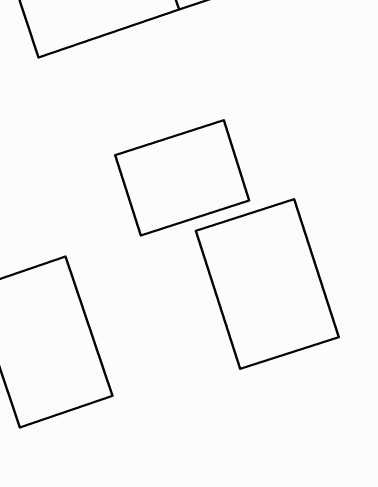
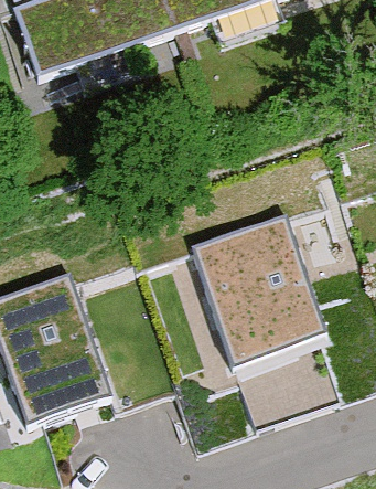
building: [115,120,249,235] -> none

